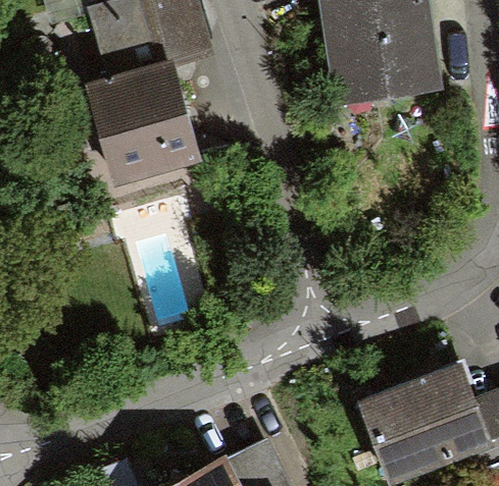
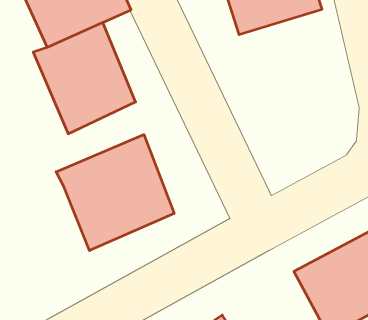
building: none -> [56,135,174,251]

